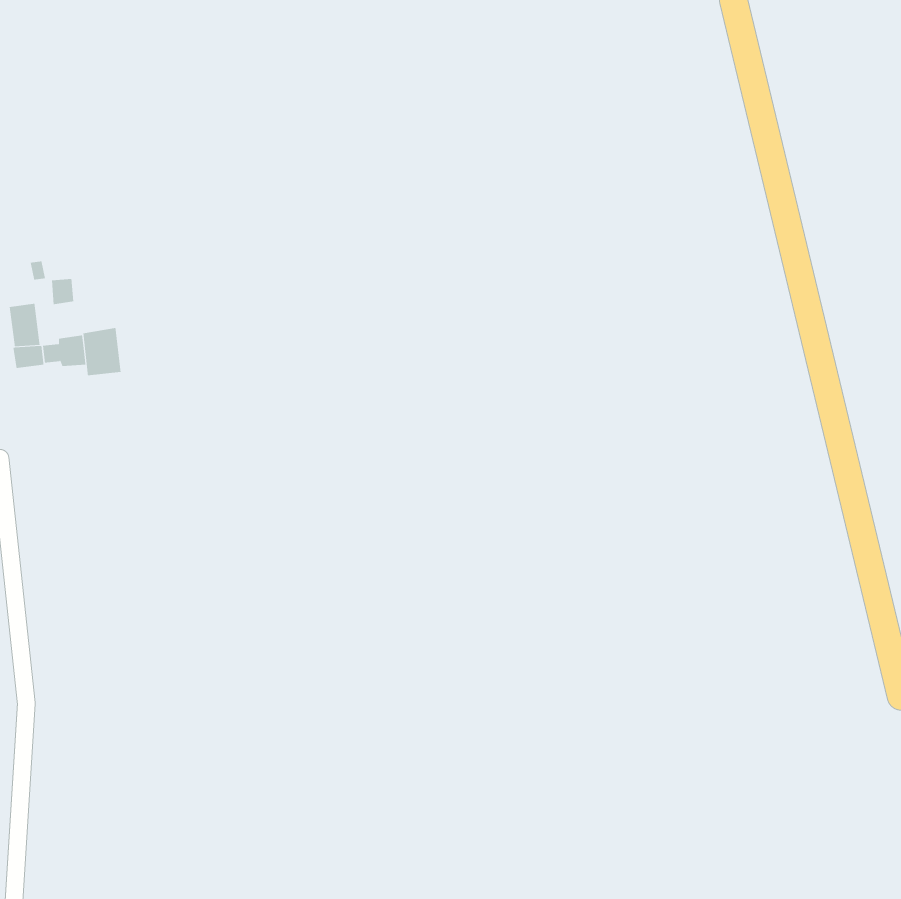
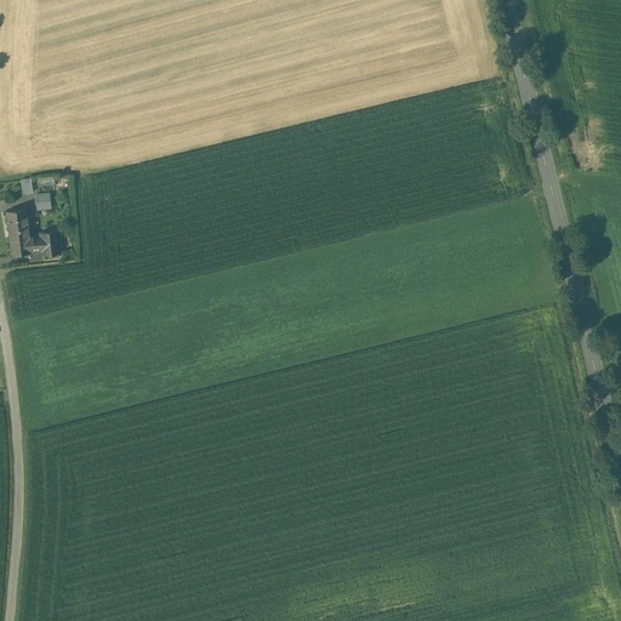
building: [83,327,121,376] -> none

